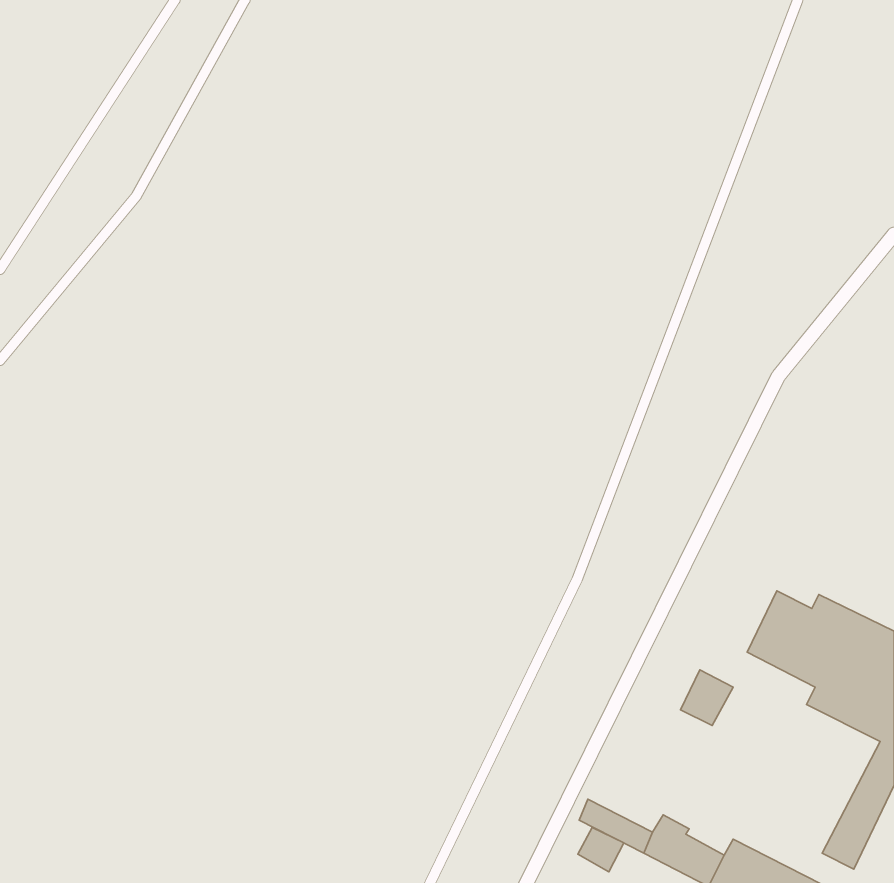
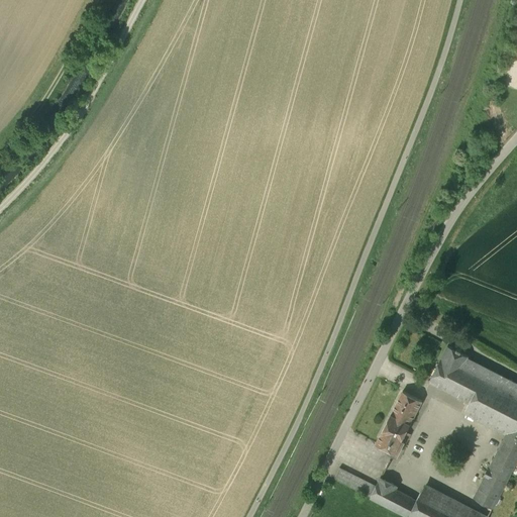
building: none -> [377,415,411,457]
building: [578,827,624,872] -> none

